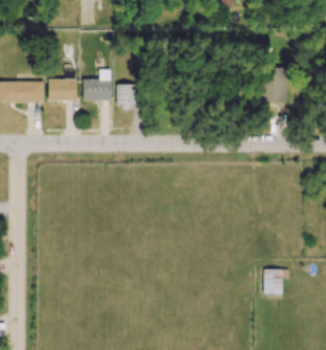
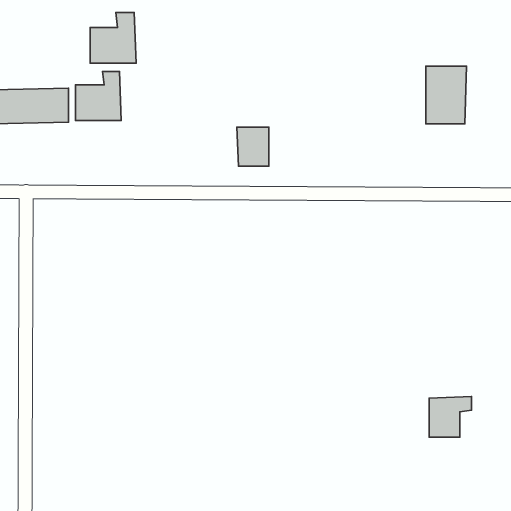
building: [84,69,111,100] -> [90,12,136,63]
building: [117,84,136,107] -> [237,127,269,166]

